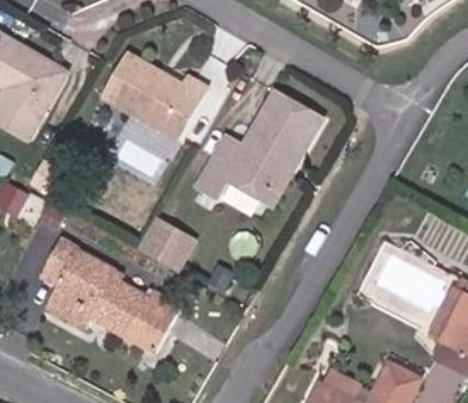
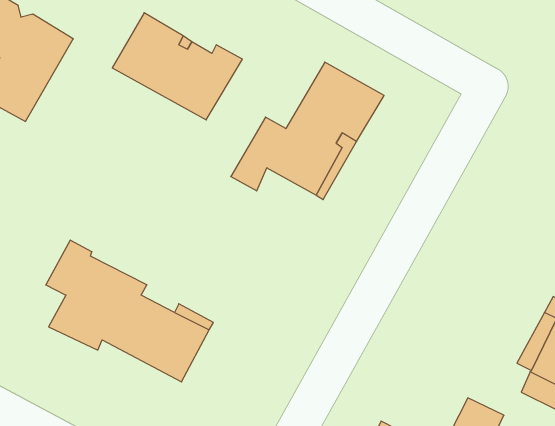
building: [137,217,191,266] -> none

